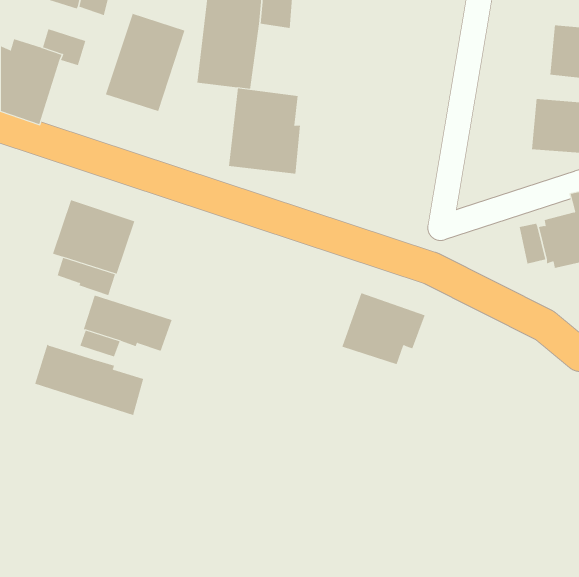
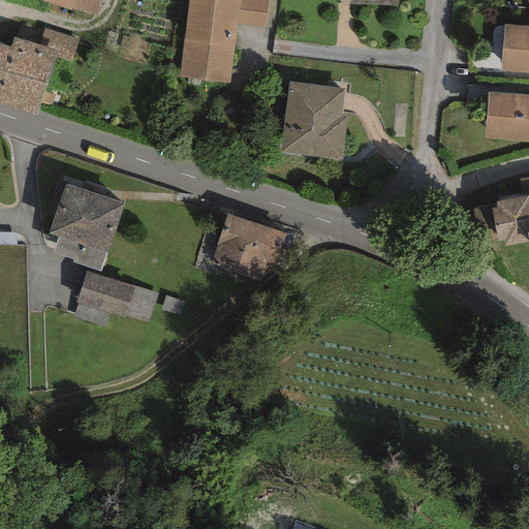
building: [105,13,185,112] -> none
building: [228,88,301,174] -> [281,80,347,158]
building: [341,292,425,365] -> [211,212,287,278]
building: [34,344,144,416] -> none

